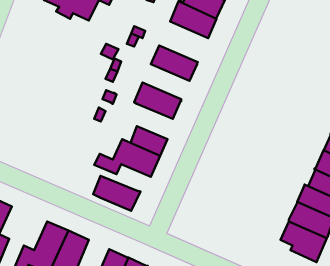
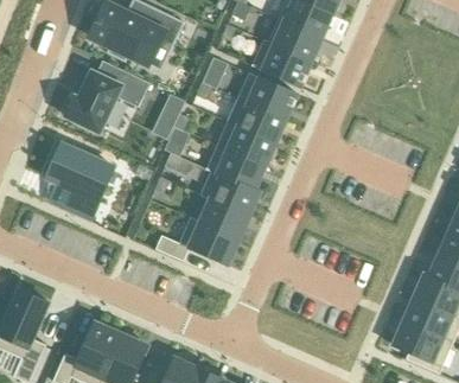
building: none -> [64,65,149,132]
building: none -> [237,72,297,117]
building: none -> [216,120,276,165]
building: none -> [46,143,114,216]
building: [93,176,140,211] -> [199,171,260,216]

